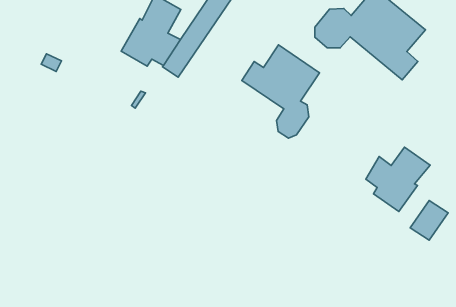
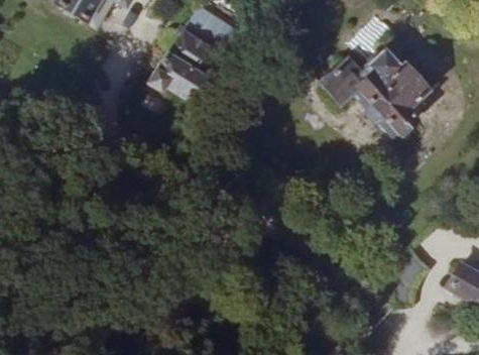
building: [242,45,319,138] -> none
building: [366,147,430,212] -> none

